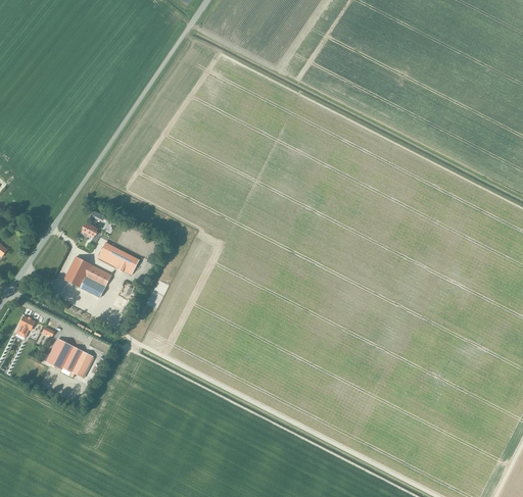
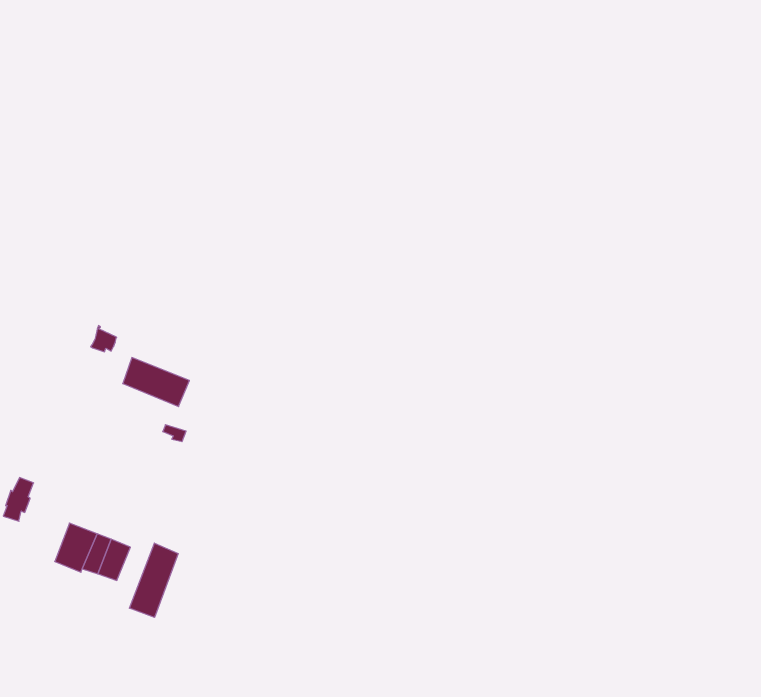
building: [64,256,111,297] -> none
building: none -> [129,543,178,617]

